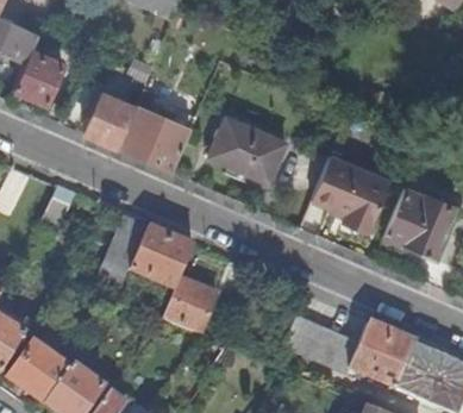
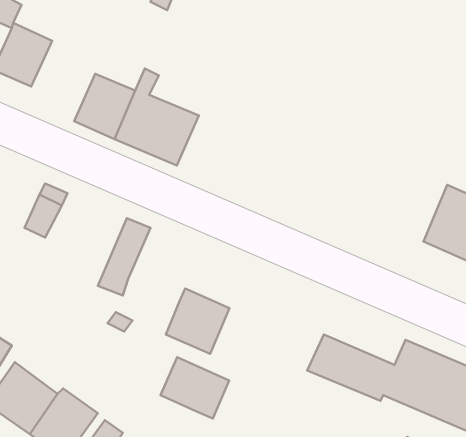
building: [209,115,287,183] -> none
building: [311,156,389,229] -> none
building: [131,225,194,288] -> none
building: none -> [161,357,229,418]

